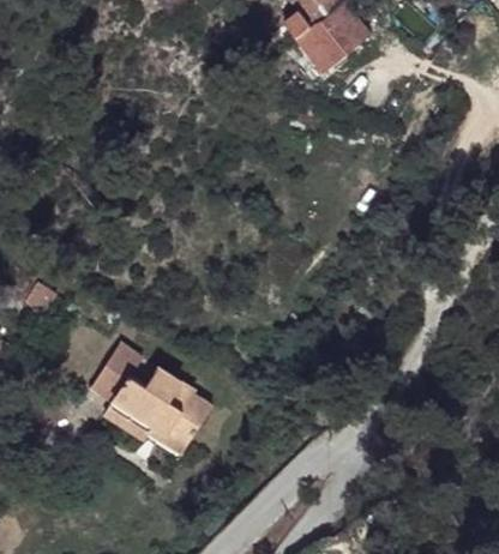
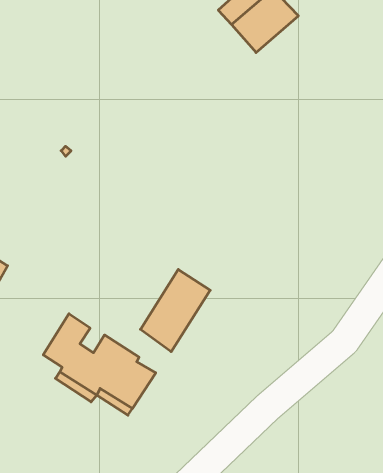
building: none -> [140,269,210,352]

